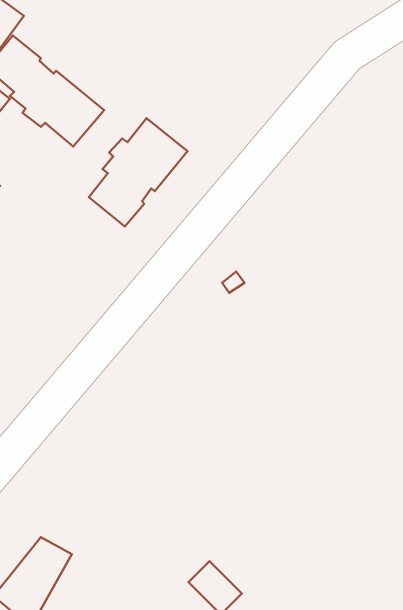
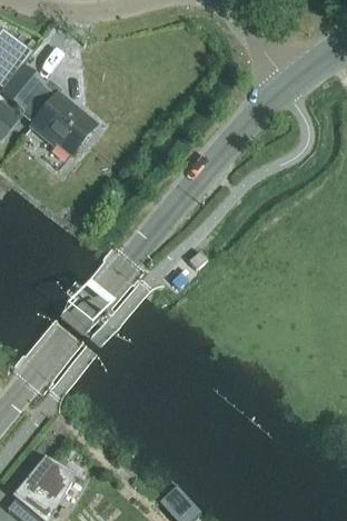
building: [89,118,188,226] -> none

